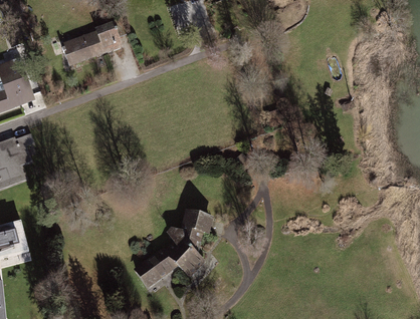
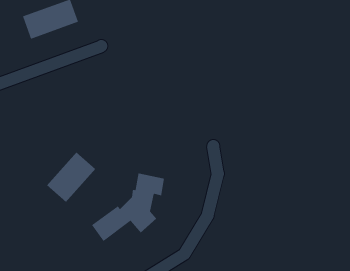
building: none -> [46,151,96,203]

